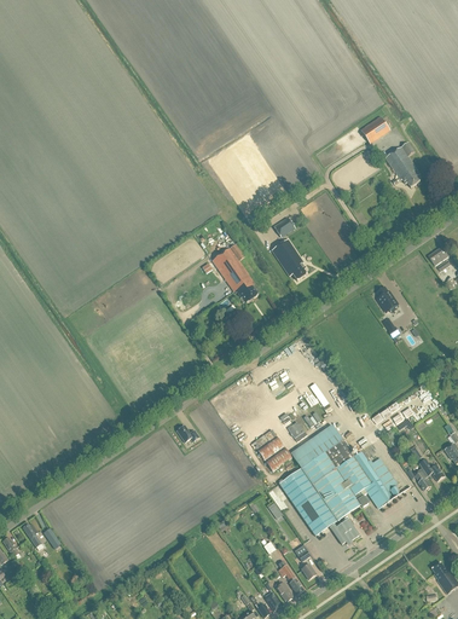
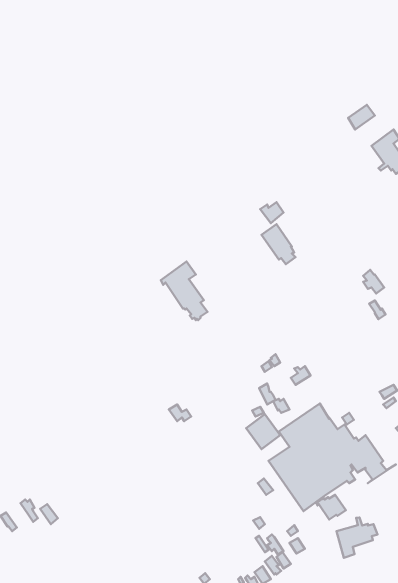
building: [209,242,257,302] -> [161,262,207,320]
building: none -> [337,517,377,558]

